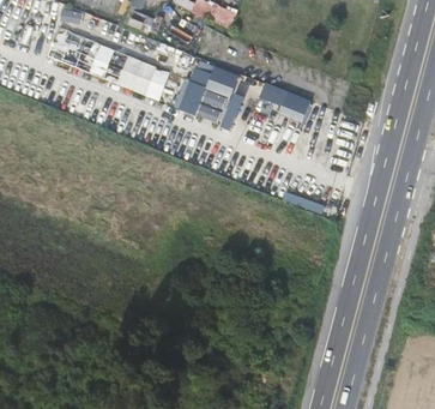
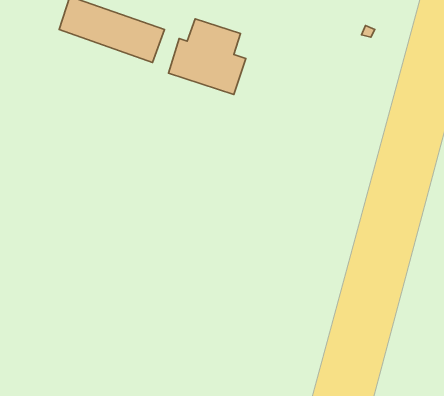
building: [259,82,312,121] -> none

